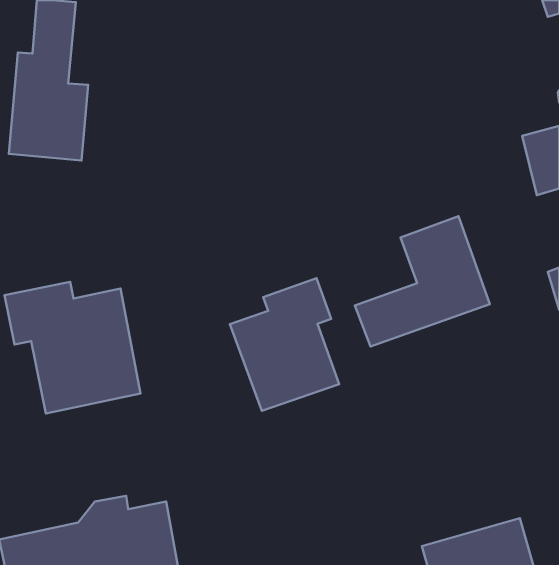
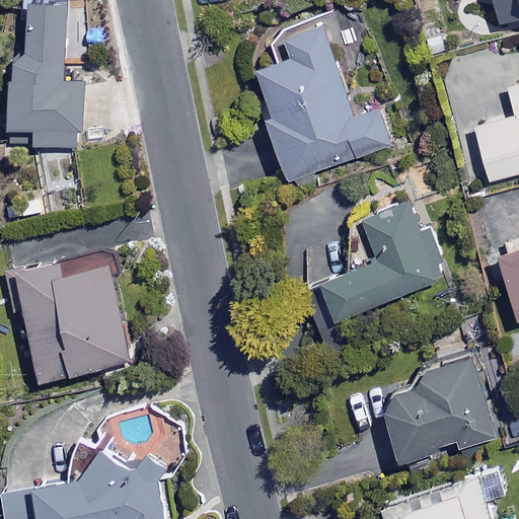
building: none -> [260,21,384,178]
building: [230,278,339,411] -> none
building: none -> [387,357,493,461]

